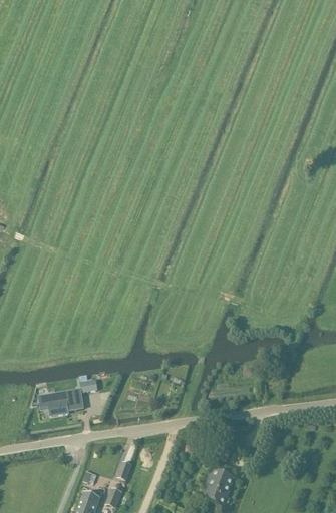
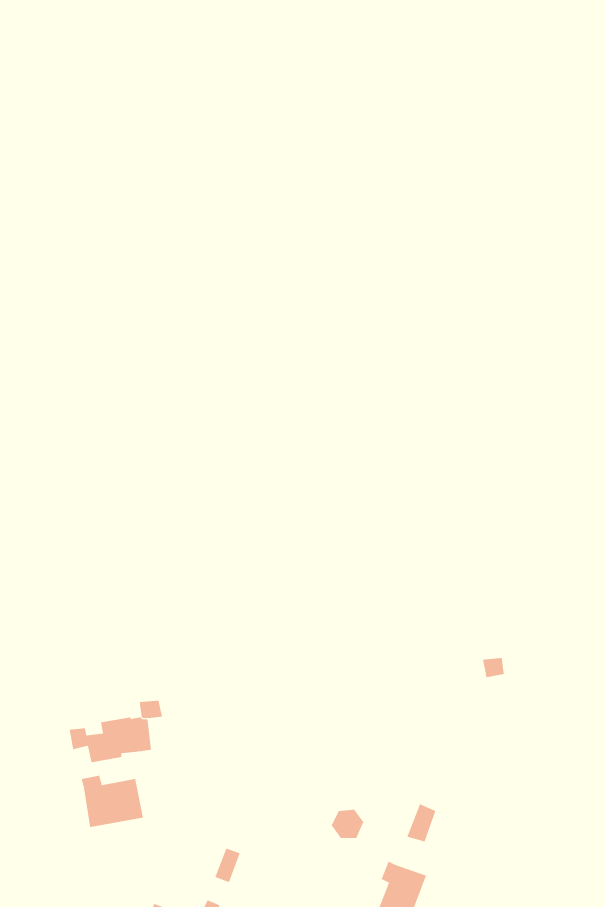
building: none -> [81,775,144,828]

